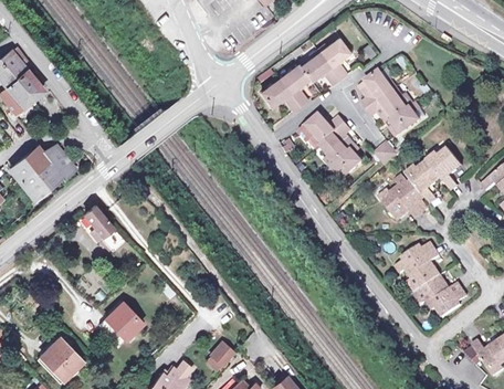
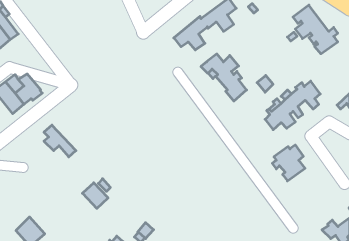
building: [357,70,419,137] -> [293,5,338,54]
building: [416,272,466,314] -> none
building: [104,311,139,346] -> [82,183,108,208]

